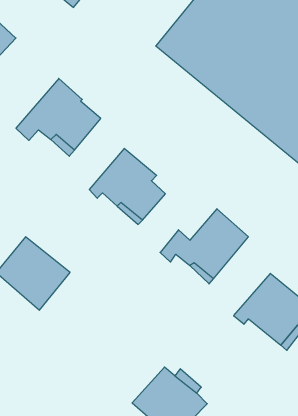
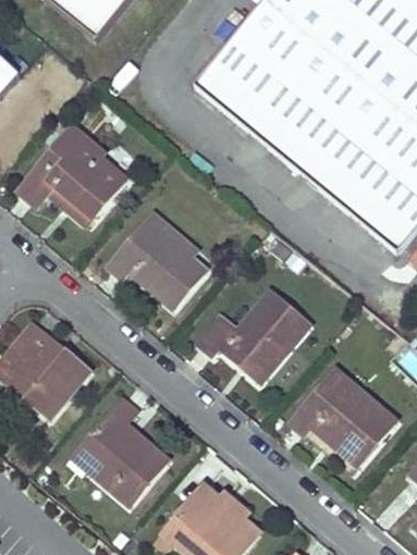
building: none -> [76,399,168,502]

